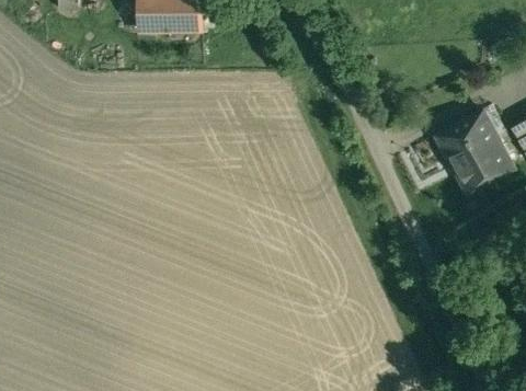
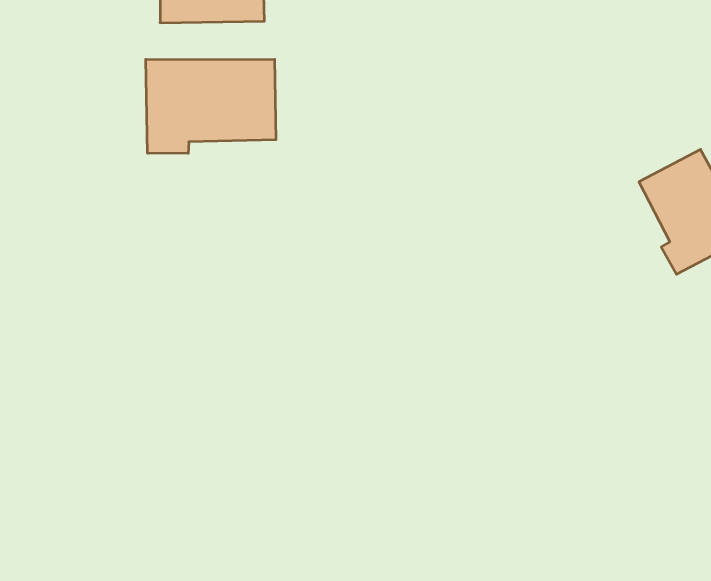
building: none -> [146,59,276,153]

